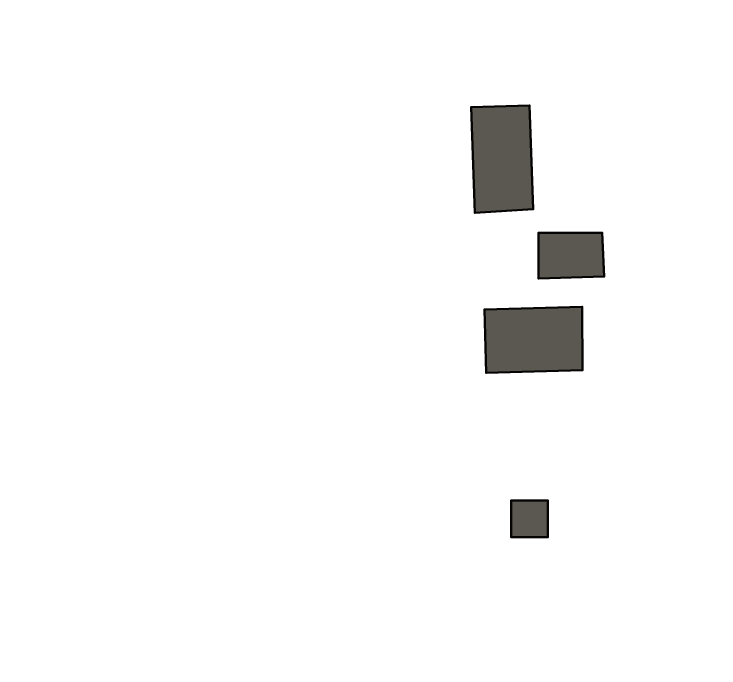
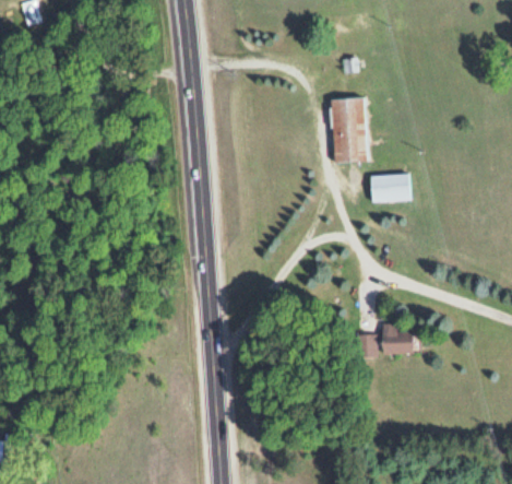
building: [484,307,582,373] -> none
building: none -> [382,324,414,354]

